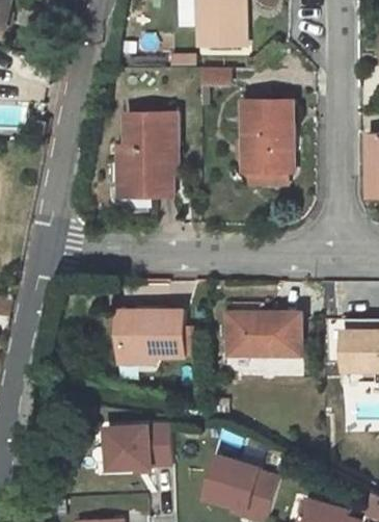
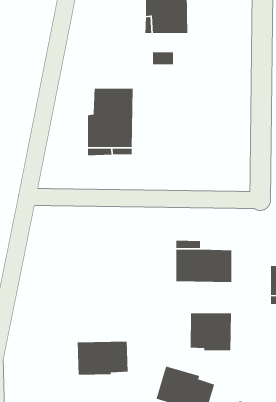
building: [241,101,291,171] -> none
building: [117,310,182,355] -> none
building: none -> [190,312,232,351]

